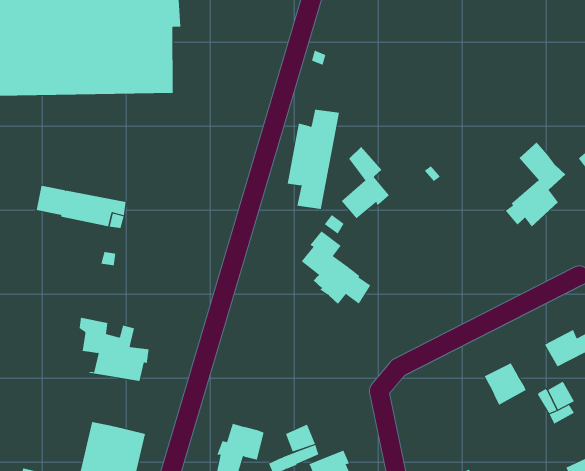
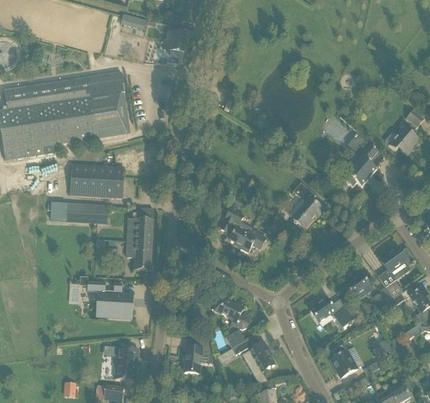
building: [287,109,340,209] -> [126,207,153,269]
building: none -> [70,163,123,197]
building: [341,146,390,219] -> [292,181,322,227]
building: none -> [212,296,248,327]
building: none -> [309,296,359,328]

